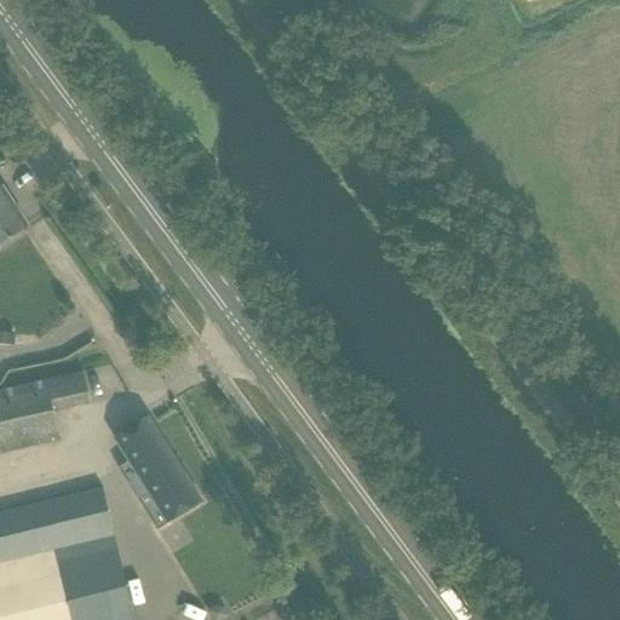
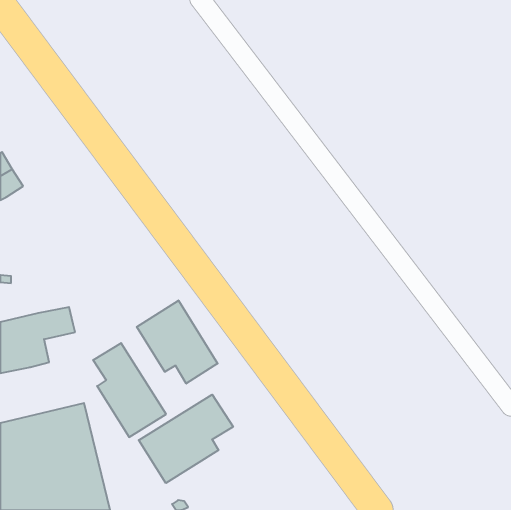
building: none -> [137,300,218,384]
building: none -> [139,395,233,483]

